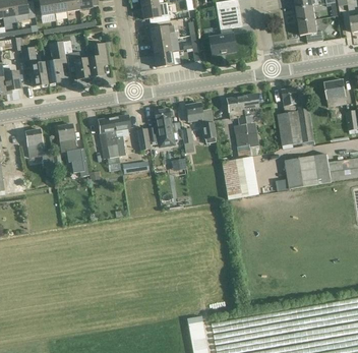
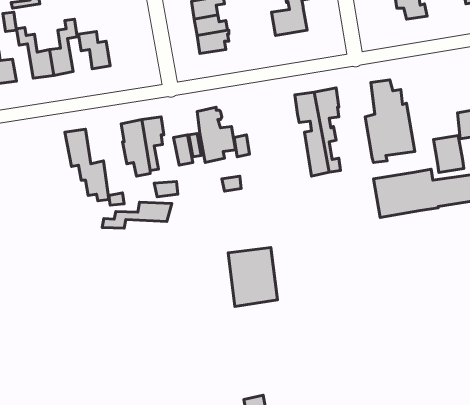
building: [86,43,109,76] -> none
building: [324,78,347,106] -> [433,135,464,173]
building: [185,102,215,142] -> none
building: [24,128,53,165] -> none
building: [222,156,258,199] -> [228,247,278,307]
building: none -> [102,202,172,228]

